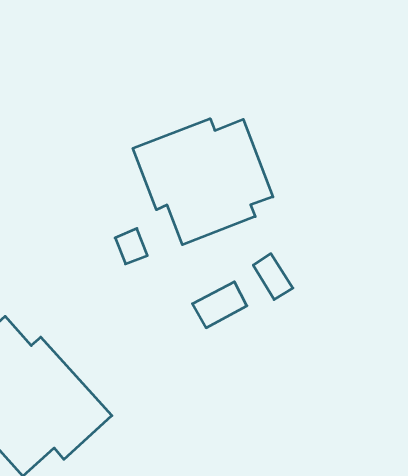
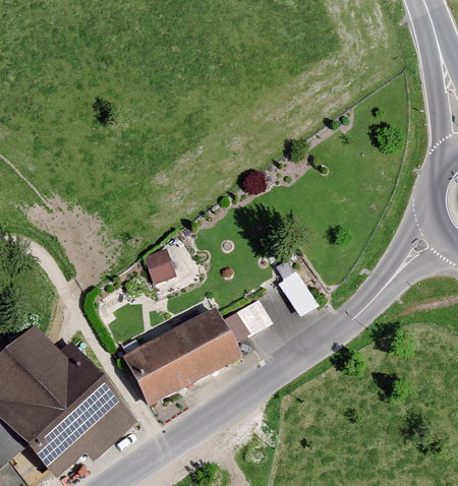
building: [133,119,273,245] -> none
building: none -> [121,308,240,406]

